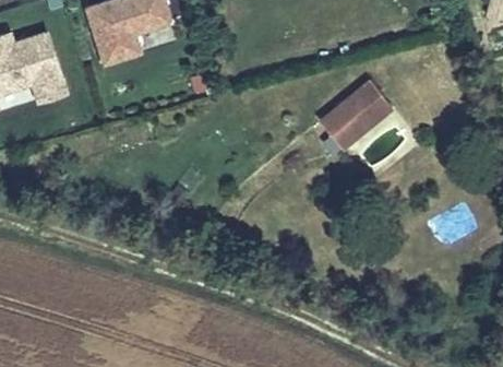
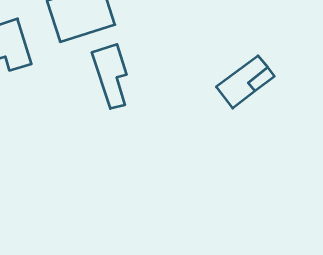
building: none -> [92,44,126,109]

